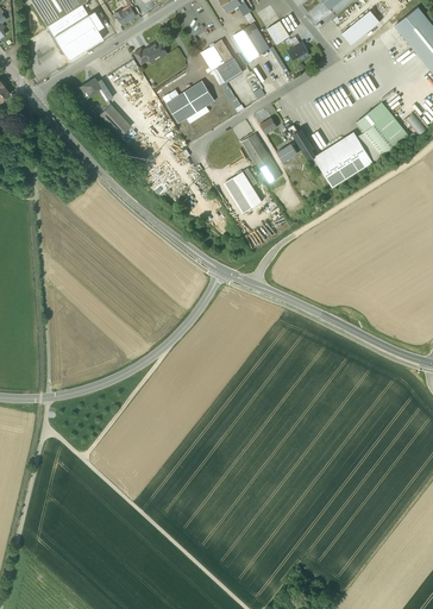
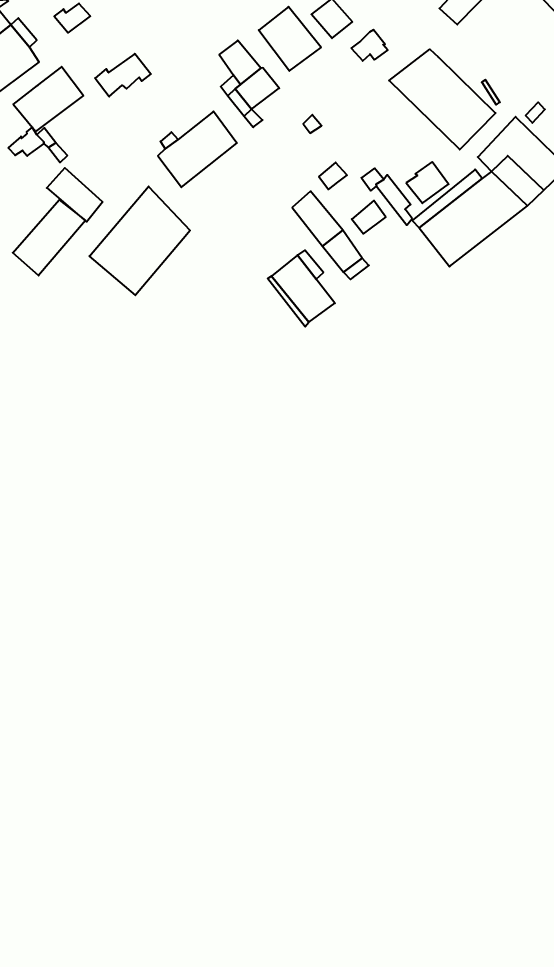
building: none -> [13,67,83,131]
building: none -> [389,49,496,150]
building: none -> [89,186,190,295]
building: none -> [13,200,85,276]

